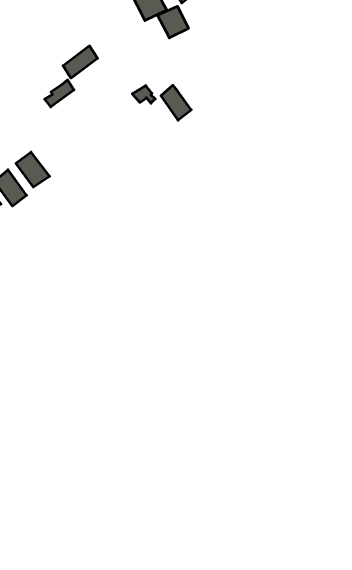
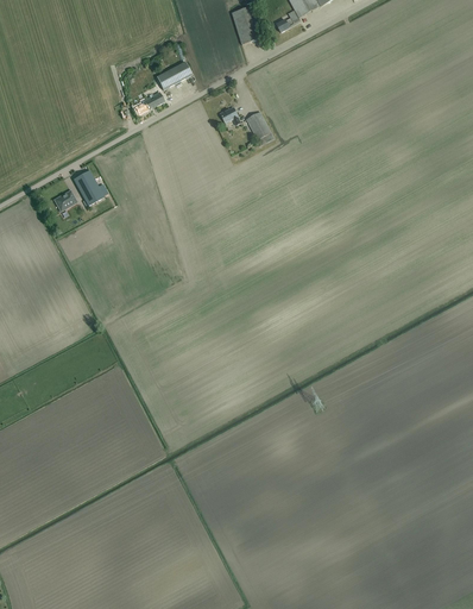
building: [157,6,188,38] -> none
building: [16,152,50,187] -> none

